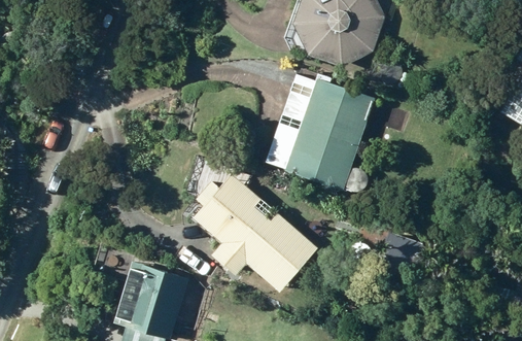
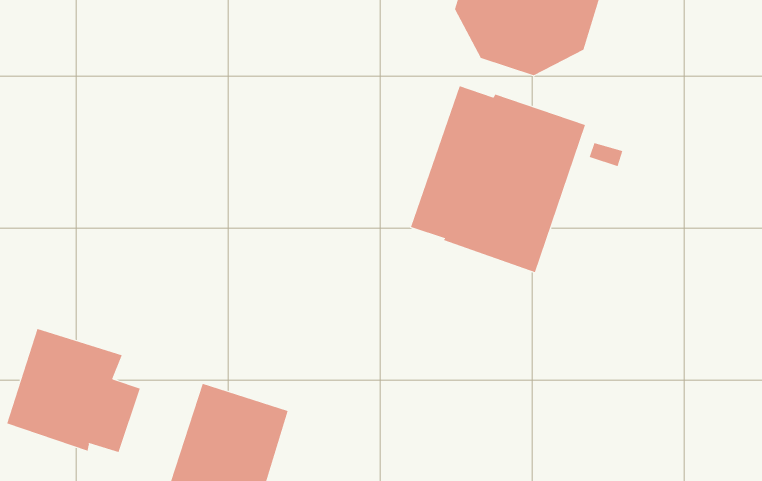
building: [193,172,317,292] -> none
building: none -> [7,328,140,453]

